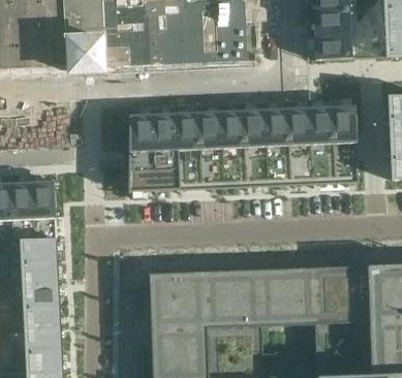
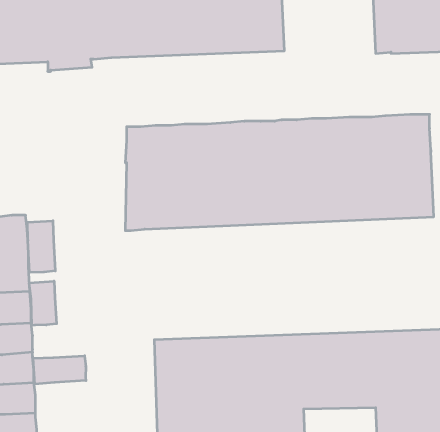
building: none -> [27,221,55,272]
building: none -> [29,281,57,325]
building: none -> [33,356,86,384]

